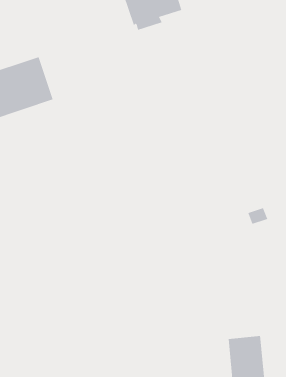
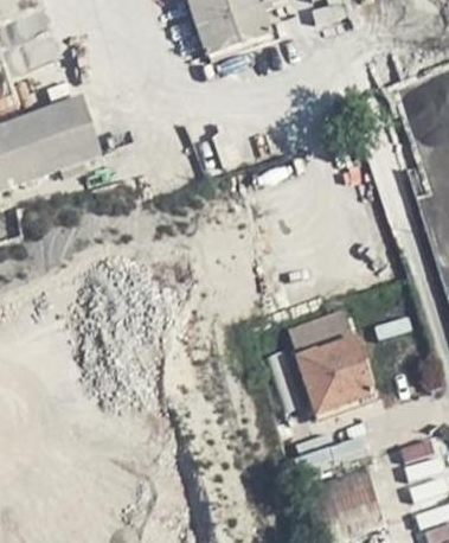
building: none -> [289,308,373,415]

